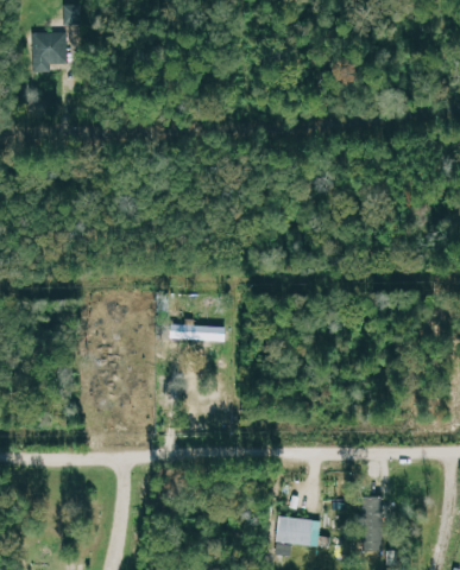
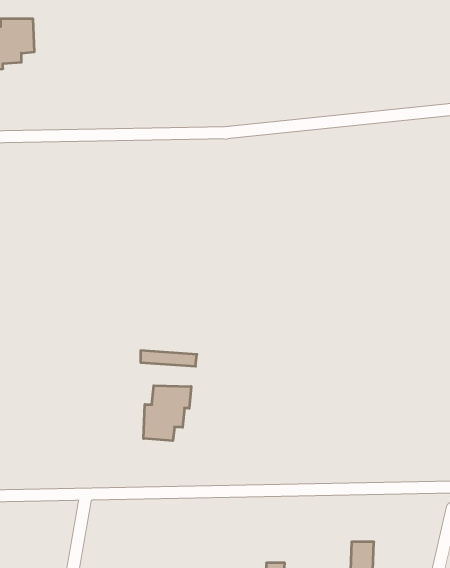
building: none -> [144,386,191,441]

